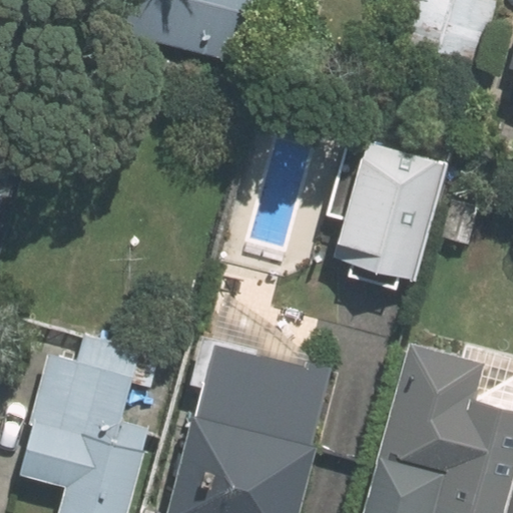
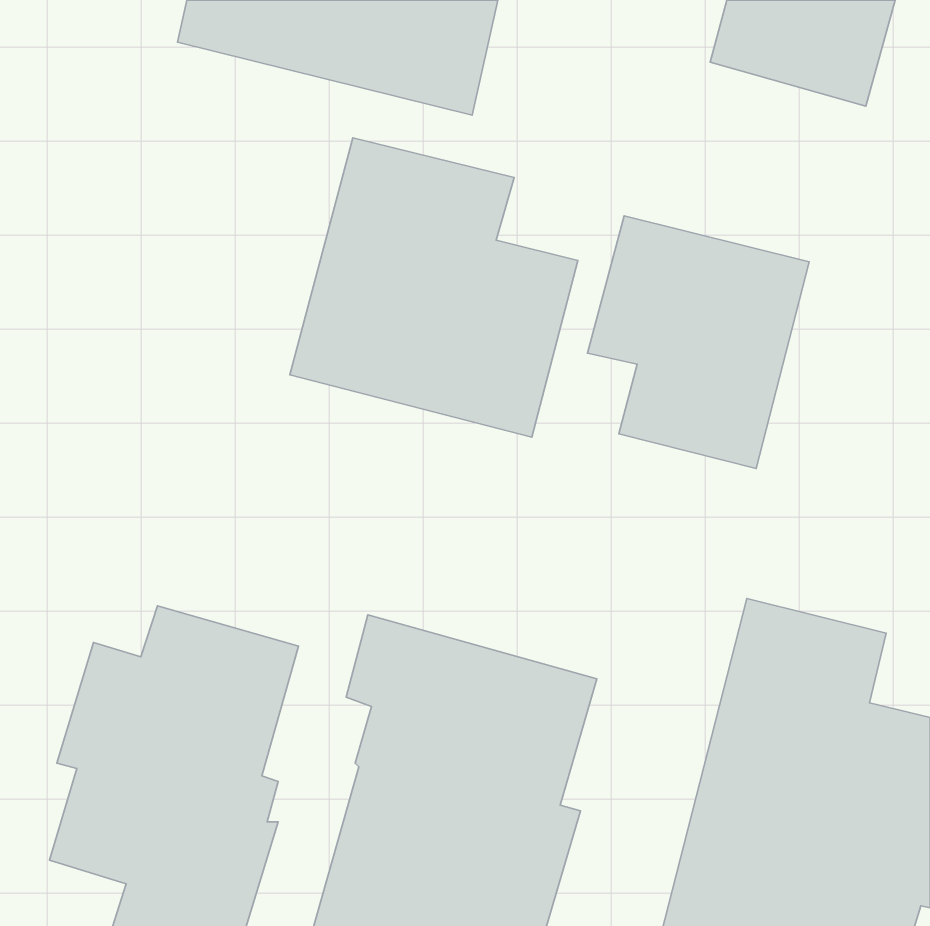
building: none -> [290,138,578,437]

